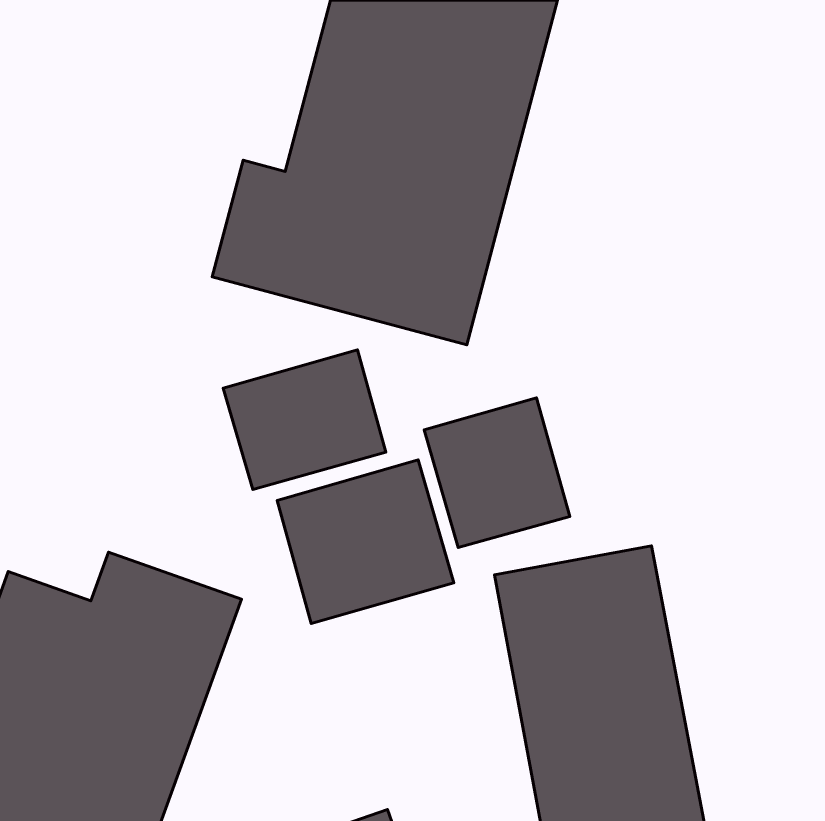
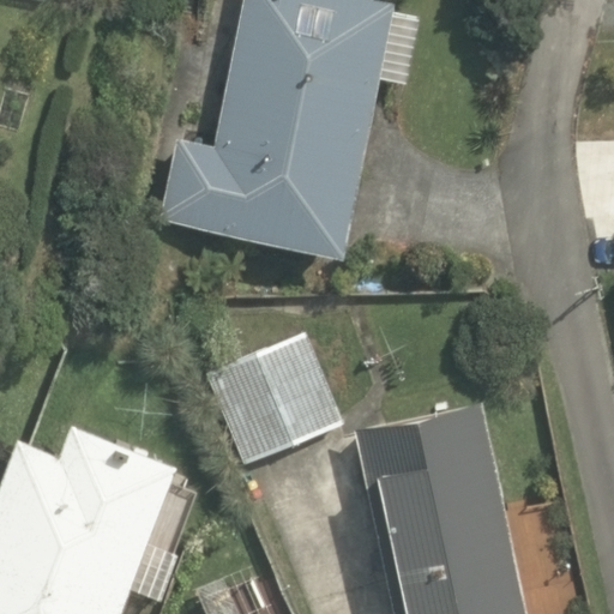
building: [223,350,386,490] -> none
building: [424,398,570,548] -> none

